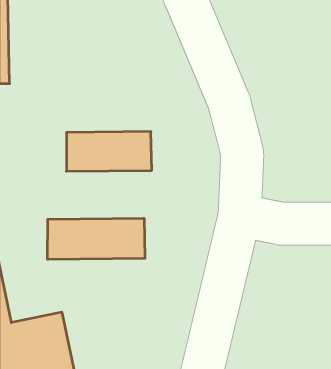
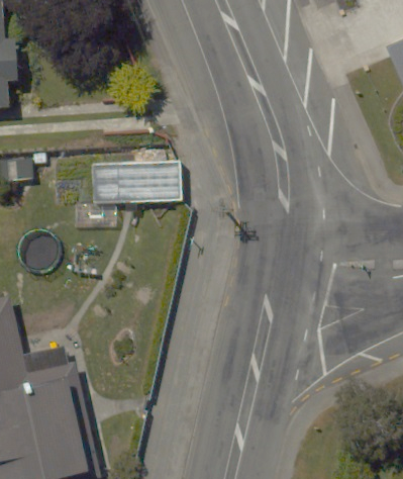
building: [48,218,145,259] -> none

